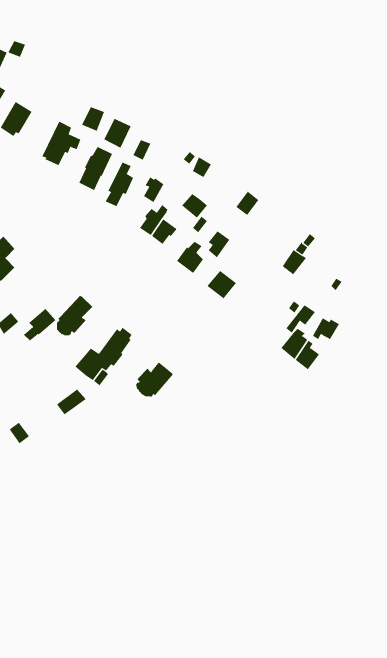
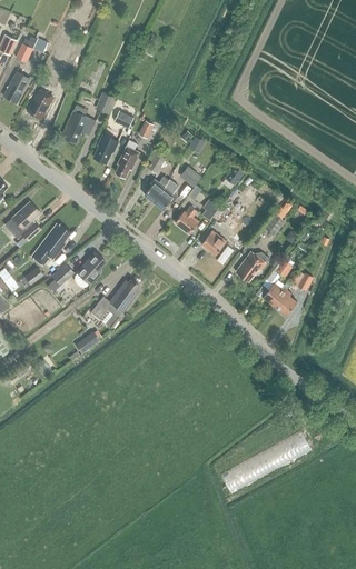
building: none -> [31,223,69,263]
building: none -> [235,250,269,281]
building: [136,362,174,397] -> none

